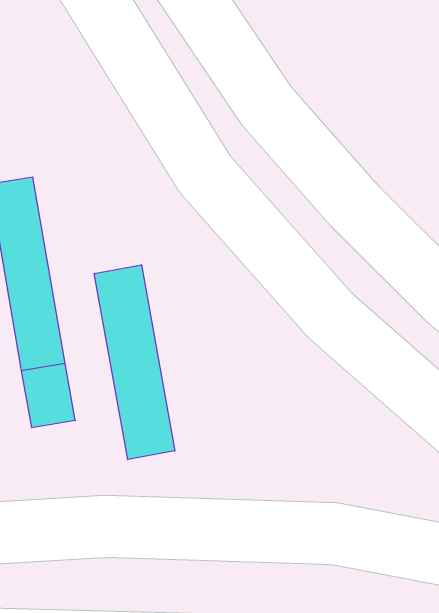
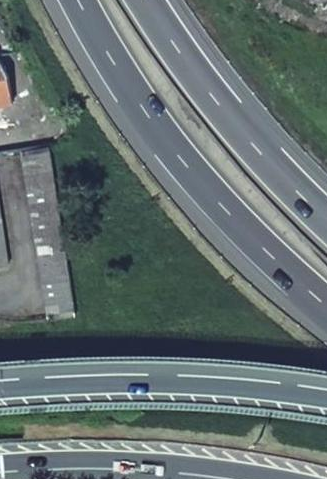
building: [94,265,175,460] -> none

